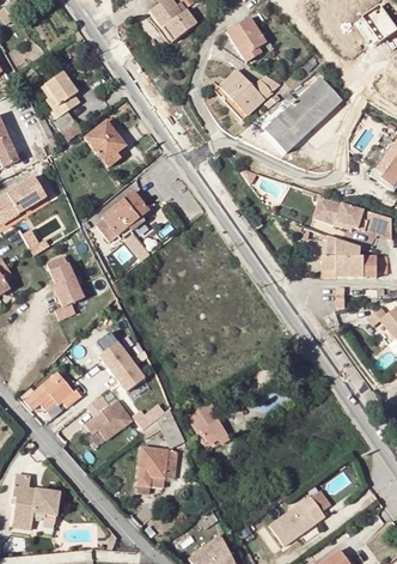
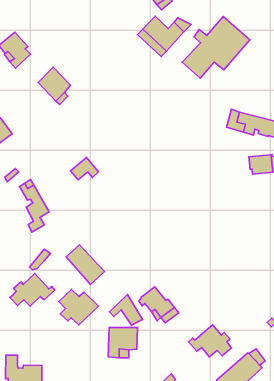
building: [96,190,147,239] -> none
building: [323,235,361,269] -> none
building: none -> [189,325,232,357]

